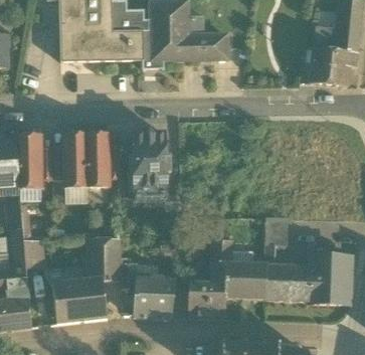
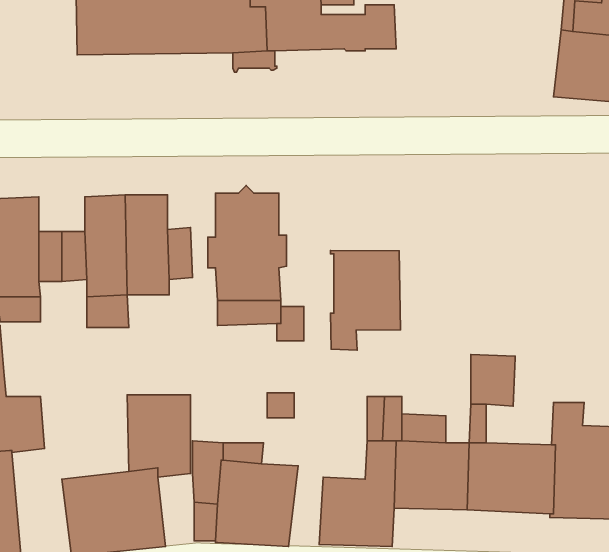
building: none -> [331,251,400,350]

